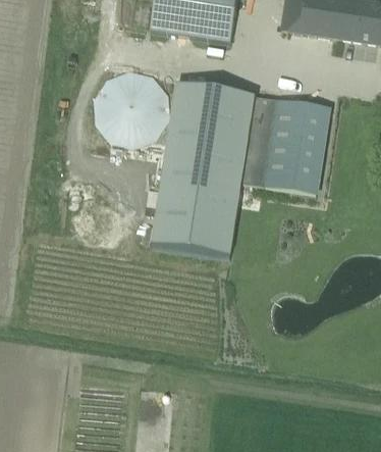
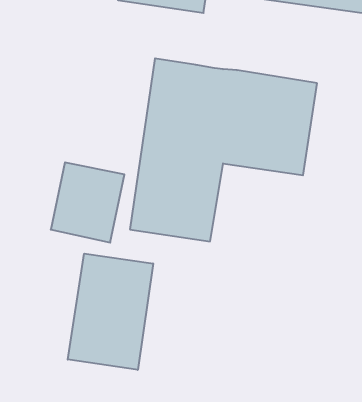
building: [100,69,169,145] -> [51,162,124,243]
building: none -> [68,254,153,370]

